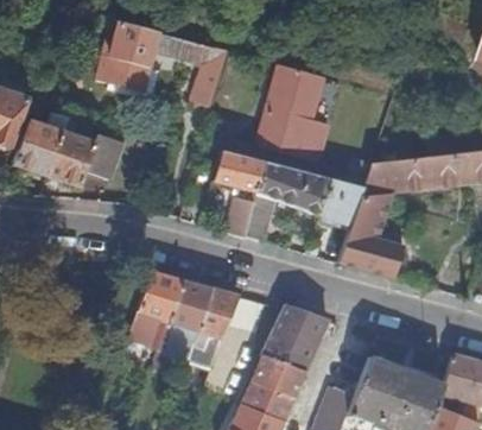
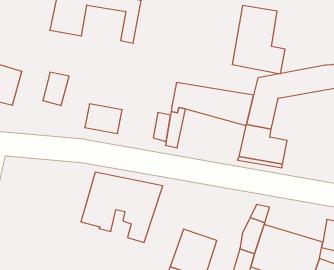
building: [259,64,330,158] -> [232,5,285,74]
building: [46,133,96,189] -> none
building: [214,151,265,192] -> [85,104,122,133]
building: [261,304,326,374] -> none

